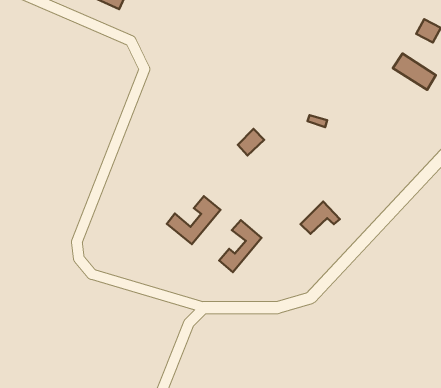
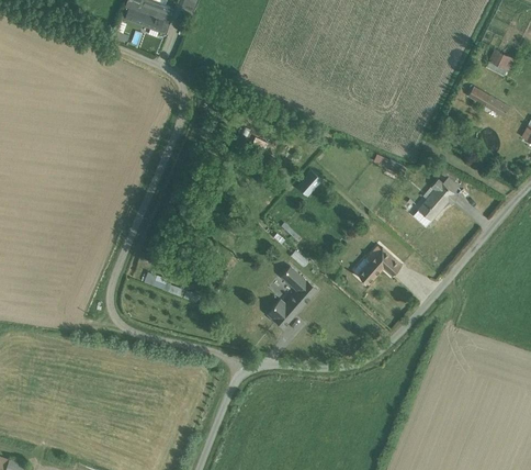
building: none -> [414,178,456,227]
building: [167,196,221,244] -> none

